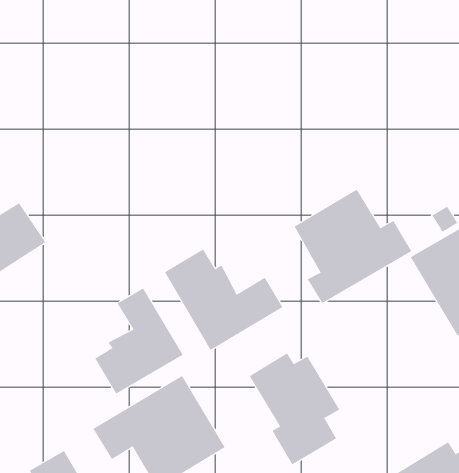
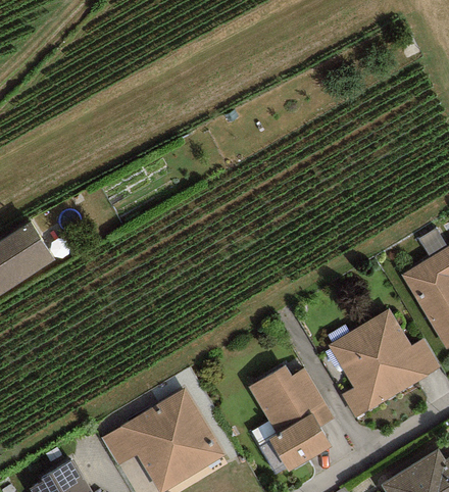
building: [294,189,412,304] -> [328,309,440,419]
building: [164,248,283,351] -> none
building: [95,288,184,395] -> none

